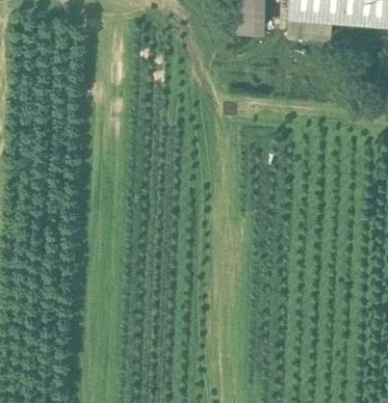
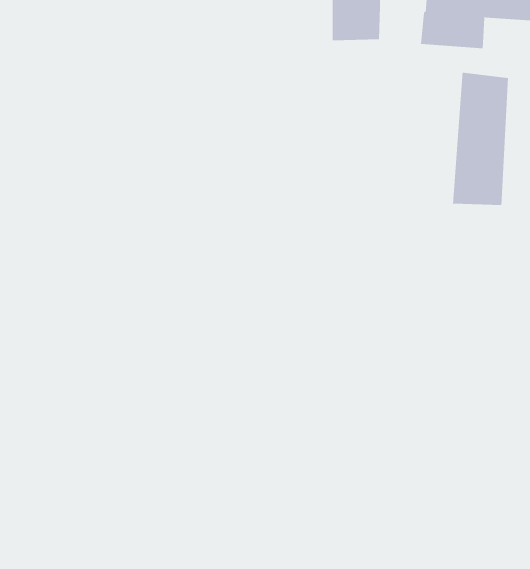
building: none -> [452,72,508,206]

